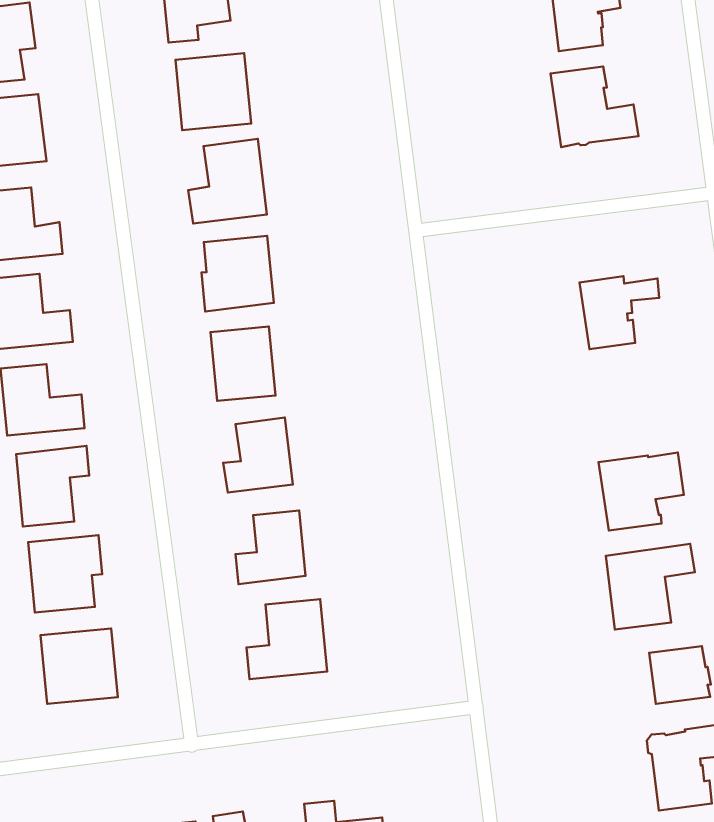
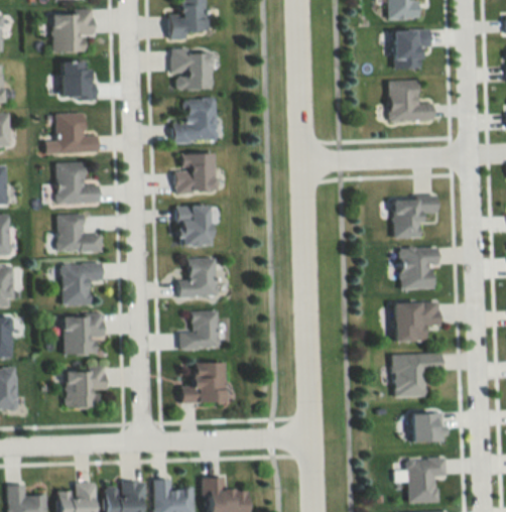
building: none -> [398,245,437,288]

